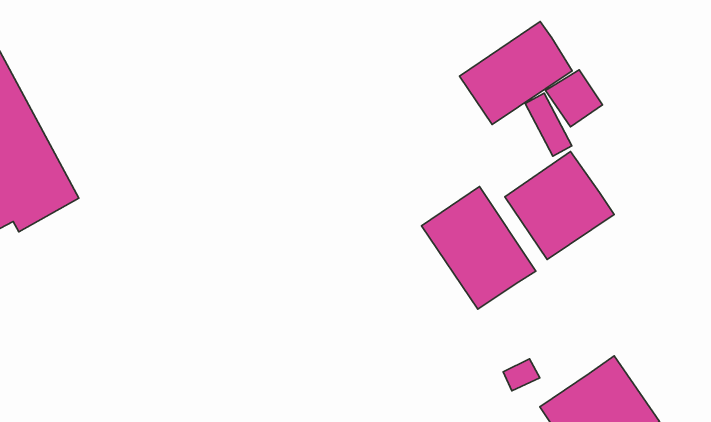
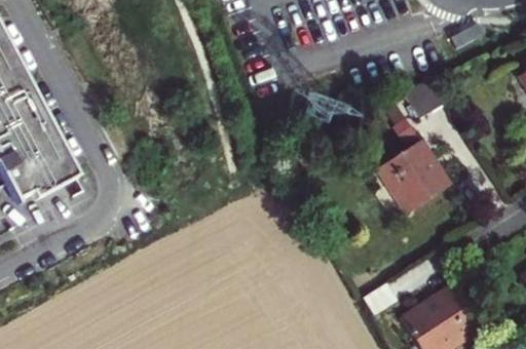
building: [459,21,572,124] -> none
building: [421,186,536,309] -> none

